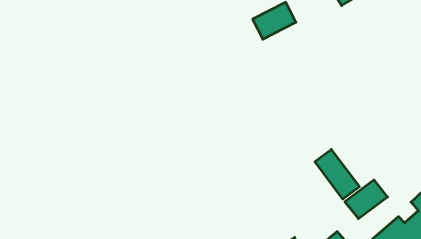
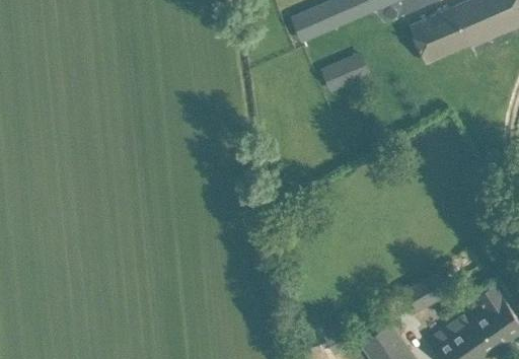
building: [315,149,359,199] -> none

